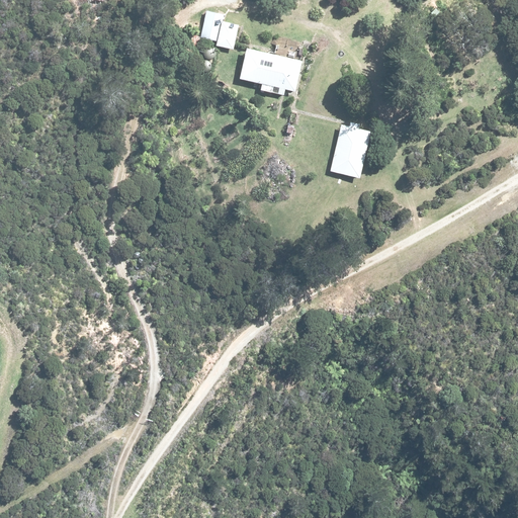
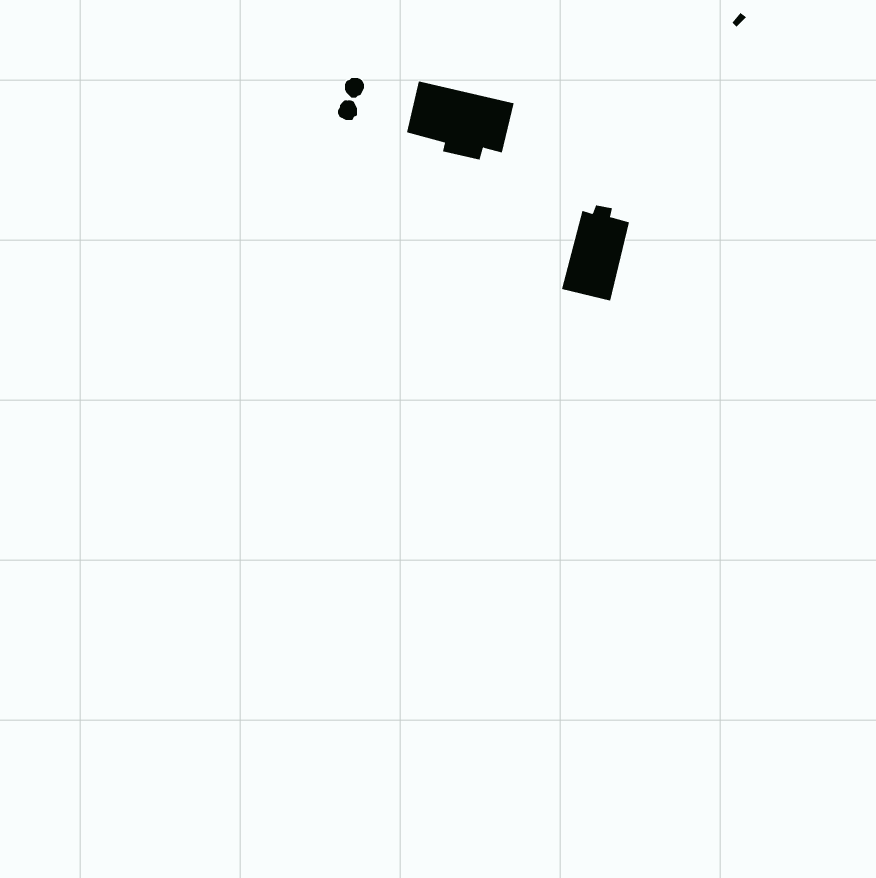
building: [199,10,238,49] -> none

